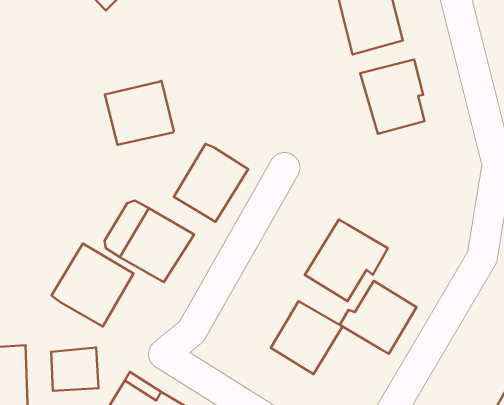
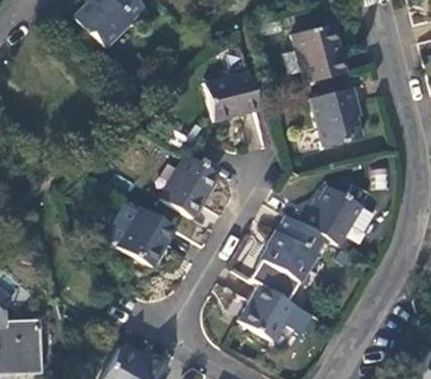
building: [105,81,174,145] -> [194,74,250,126]
building: [51,243,134,327] -> none
building: [340,281,417,354] -> [301,184,363,243]
building: [51,348,99,391] -> none

